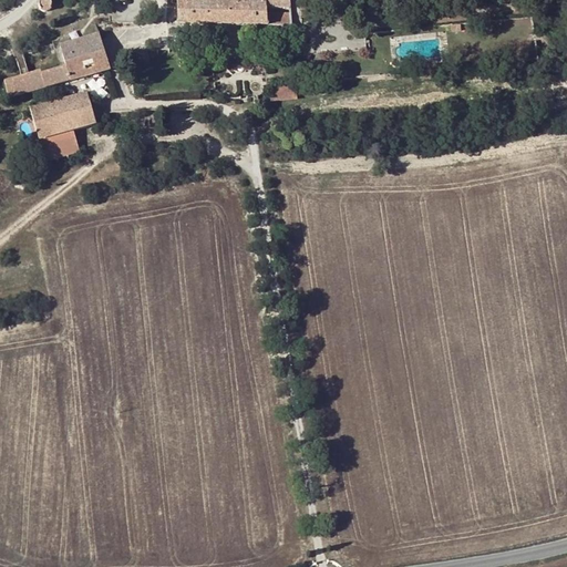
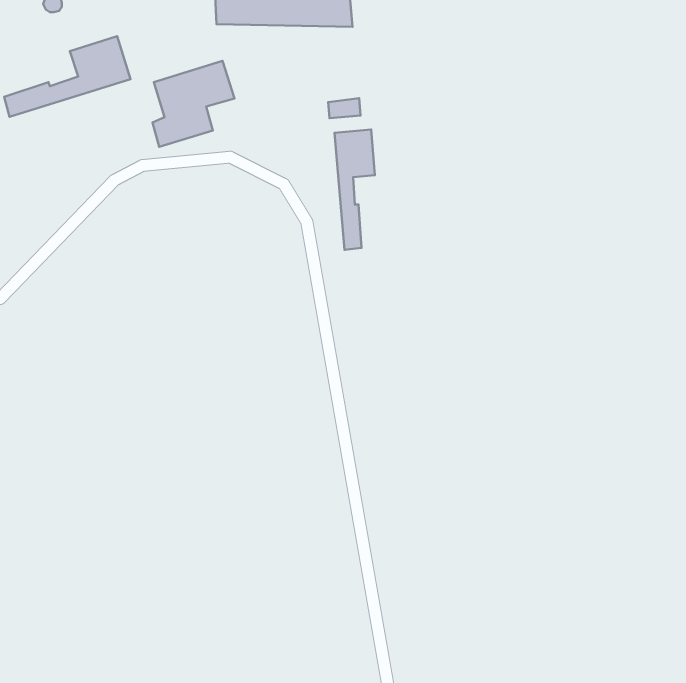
building: [29,91,96,162] -> [152,61,235,147]
building: none -> [334,130,375,250]

